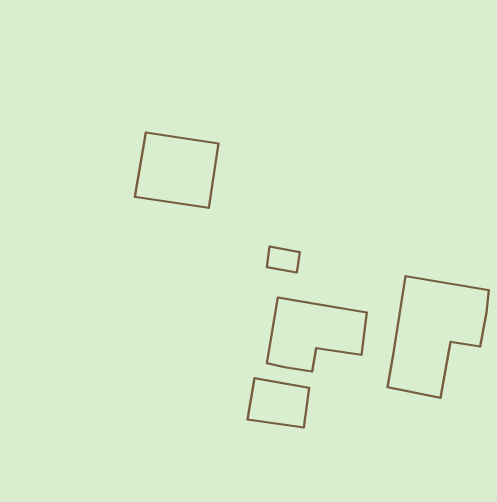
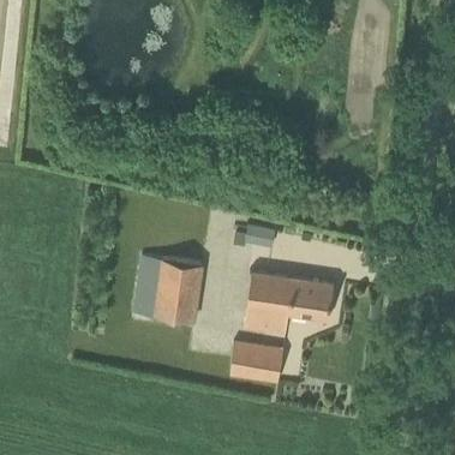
building: [135,132,219,208] -> [131,255,204,321]
building: [387,276,489,398] -> none

